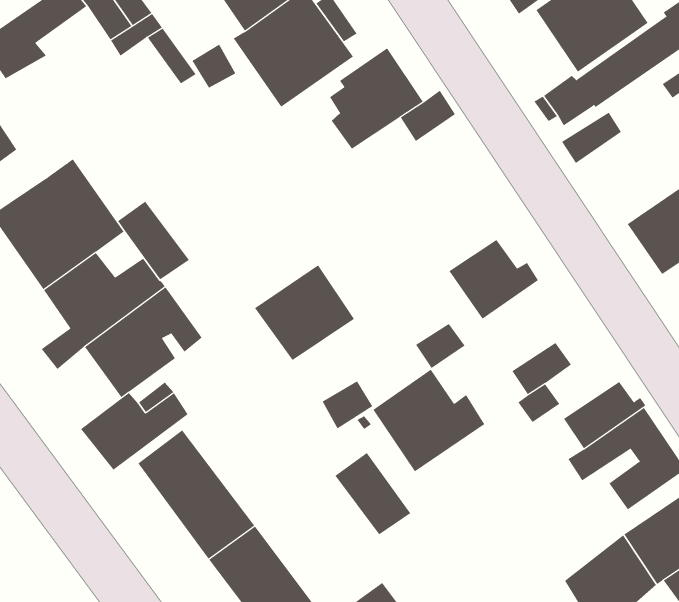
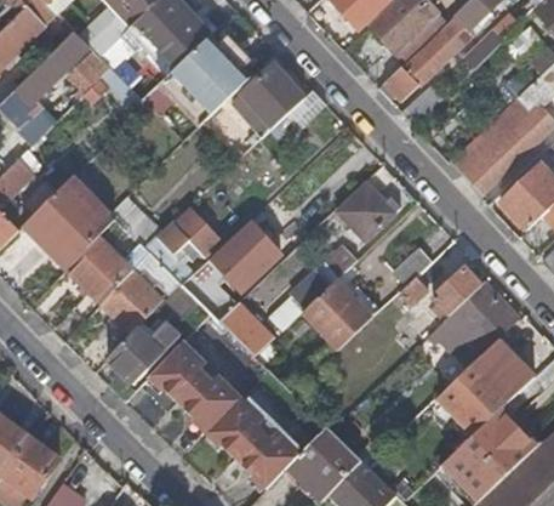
building: none -> [147,209,218,284]
building: [335,452,411,535] -> [218,301,274,356]

